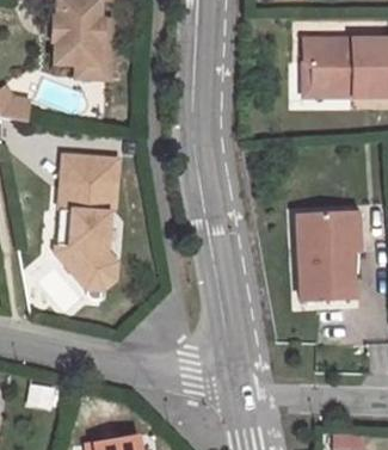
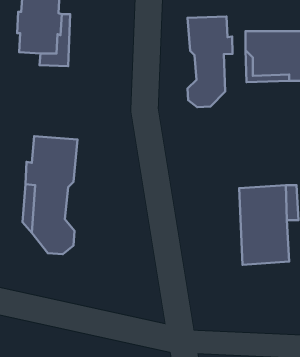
building: none -> [188,16,233,107]

